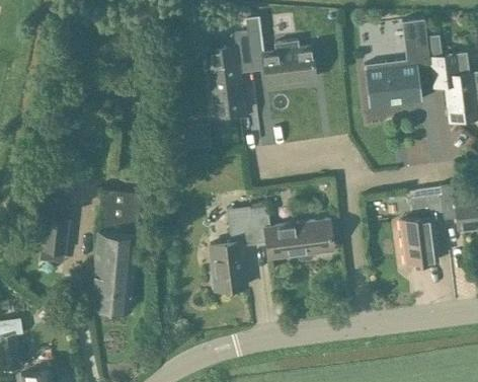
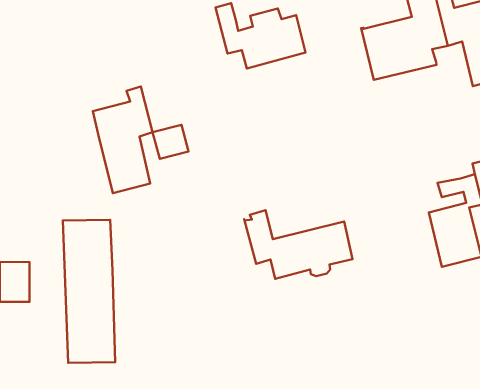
building: [206,32,252,117] -> [93,87,153,193]
building: [211,208,254,291] -> none

